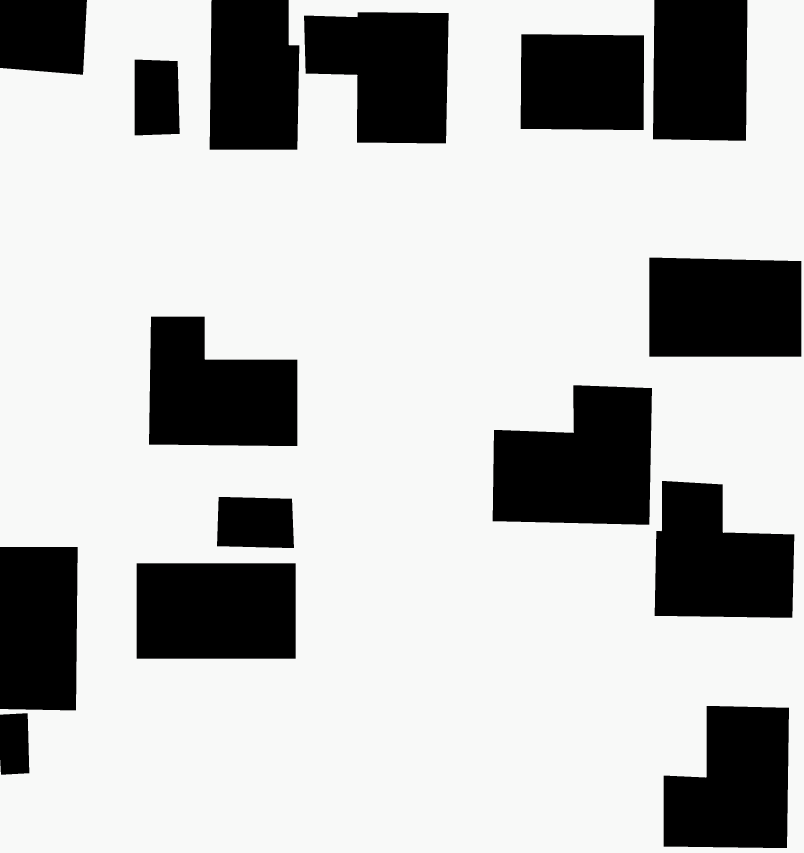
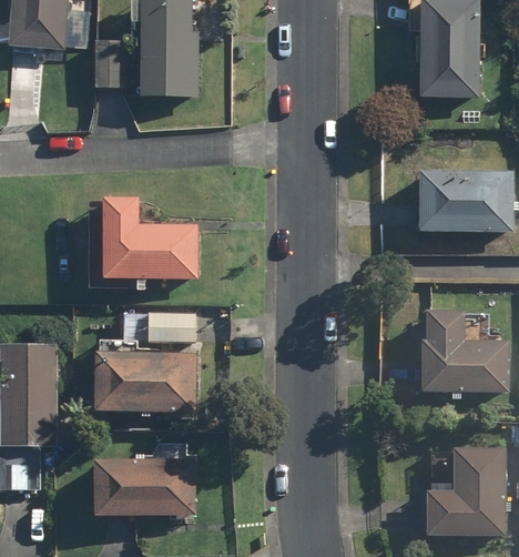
building: [304,11,449,144] -> none
building: [520,34,644,131] -> none
building: [492,385,653,526] -> none
building: none -> [95,460,195,518]

